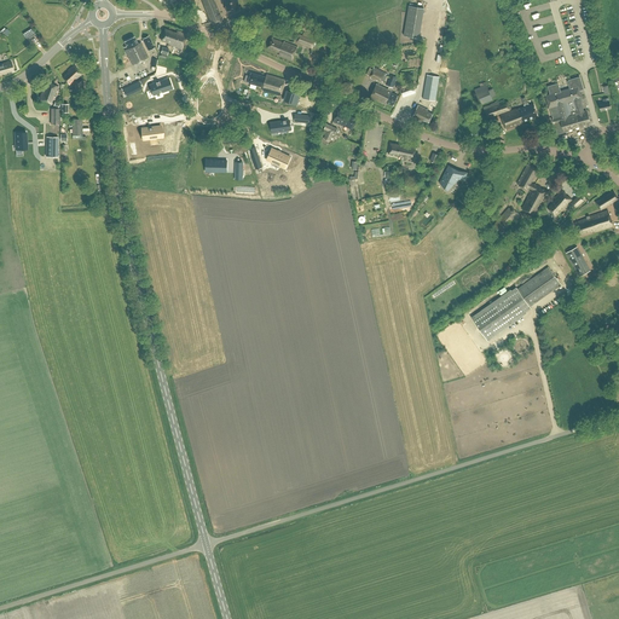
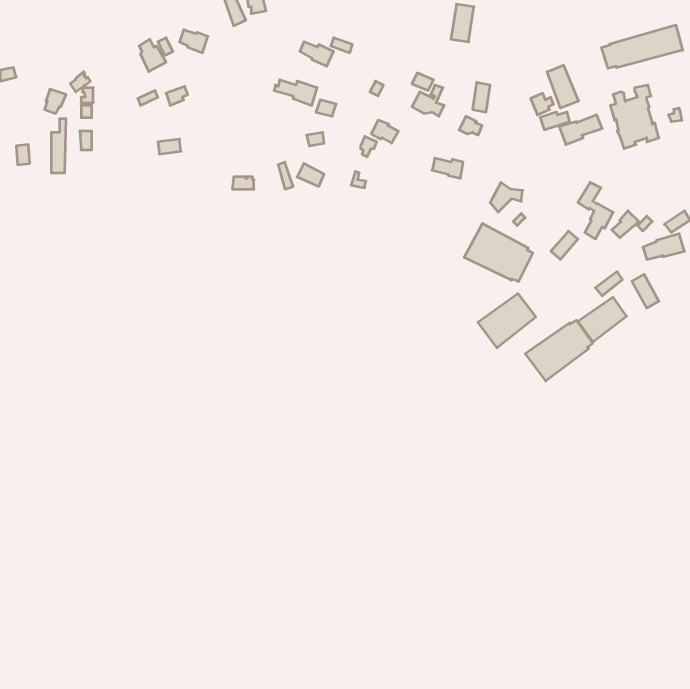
building: none -> [601,25,683,68]
building: none -> [547,65,578,108]
building: none -> [464,223,533,282]
building: none -> [478,294,536,348]

